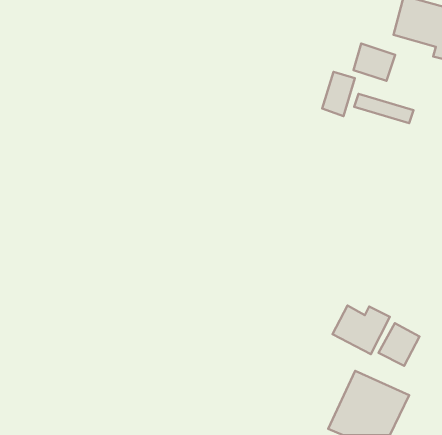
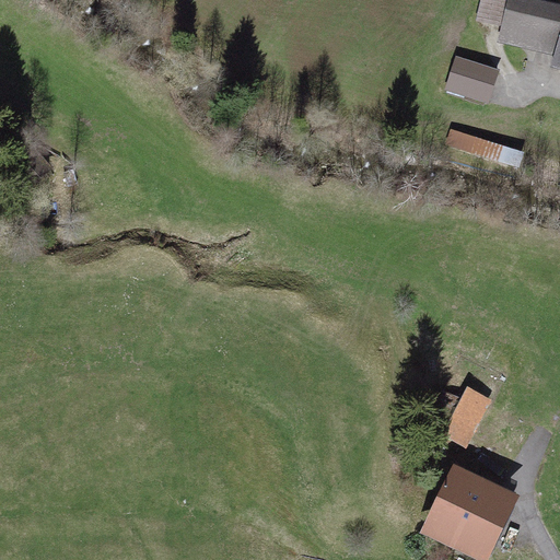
building: [322,72,355,116] -> none
building: [379,323,419,366] -> none

